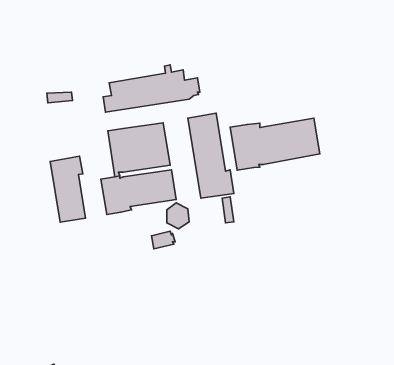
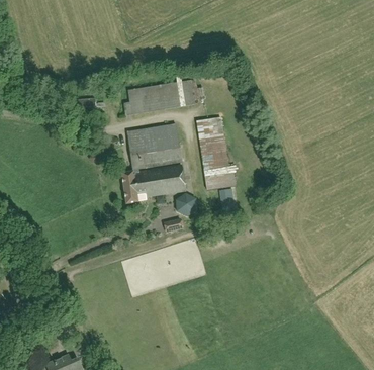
building: [230,118,320,170] -> none
building: [50,156,86,222] -> none

